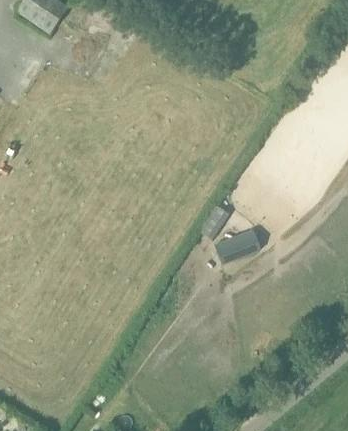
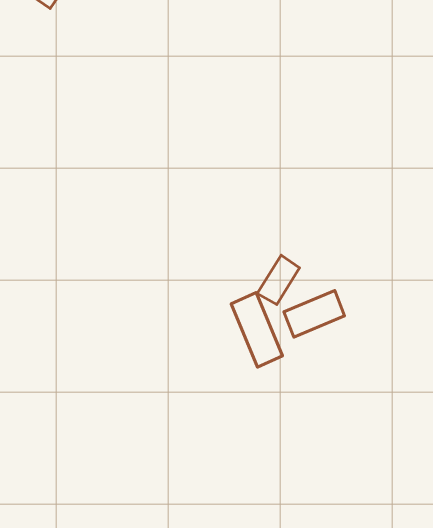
building: none -> [231,293,282,367]

